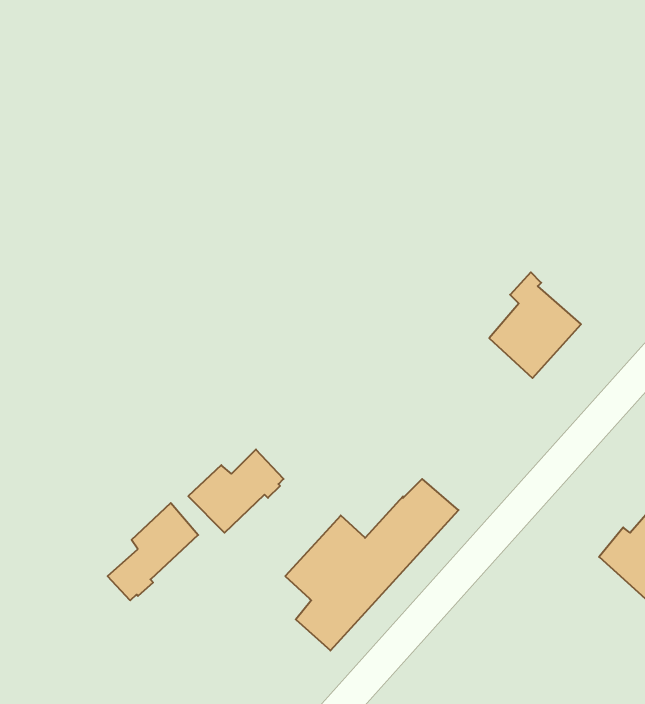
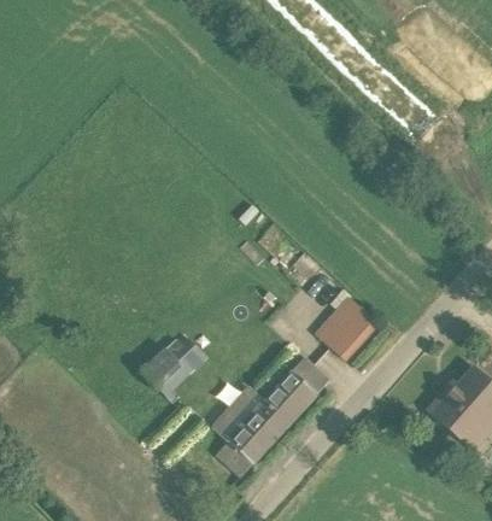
building: [489,272,581,378] -> [315,287,379,361]
building: [108,503,198,600] -> none

